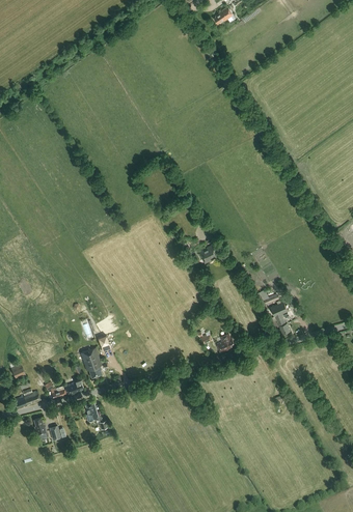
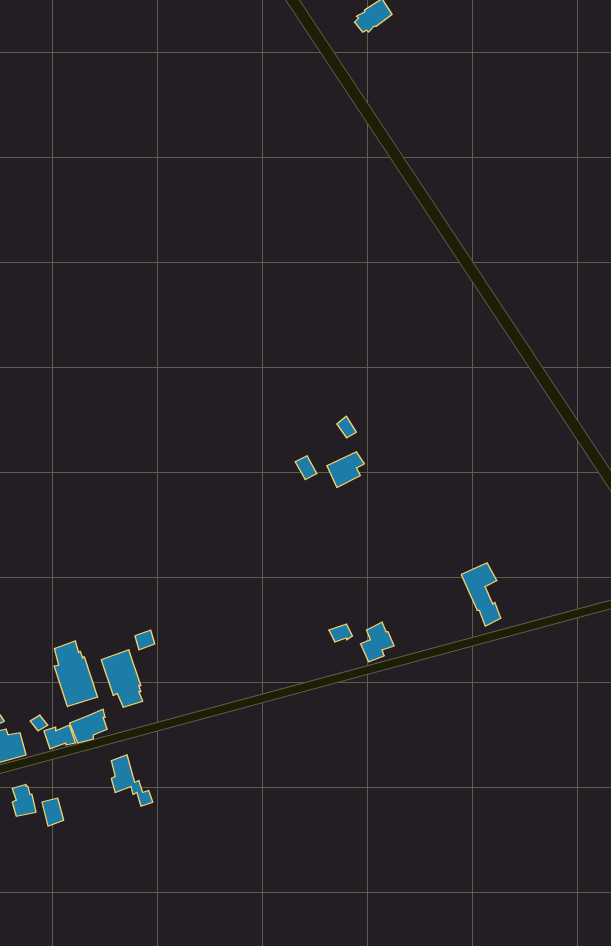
building: none -> [54,641,98,707]

